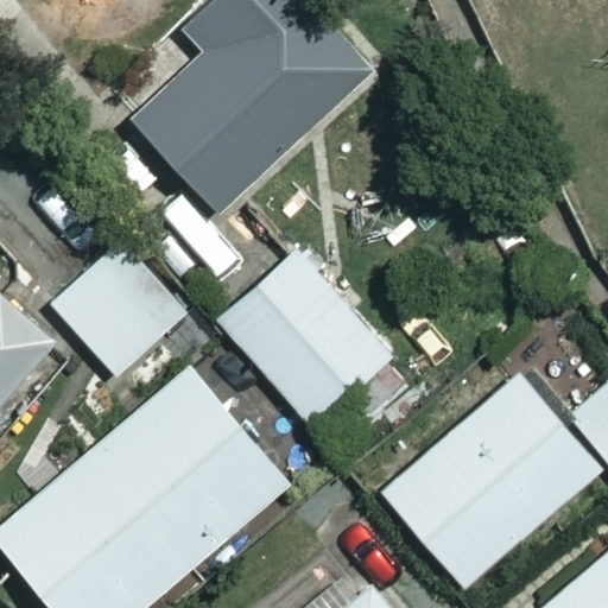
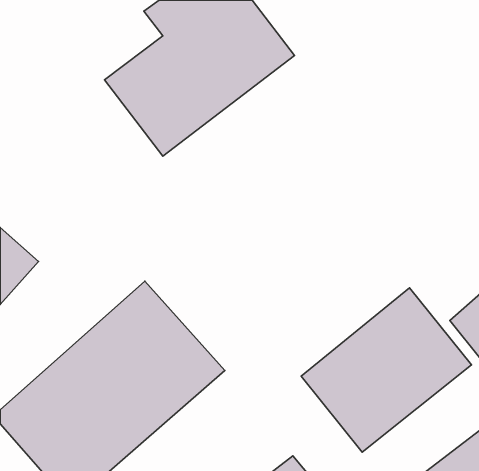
building: [50,242,184,378] -> none
building: [218,252,388,444] -> none

